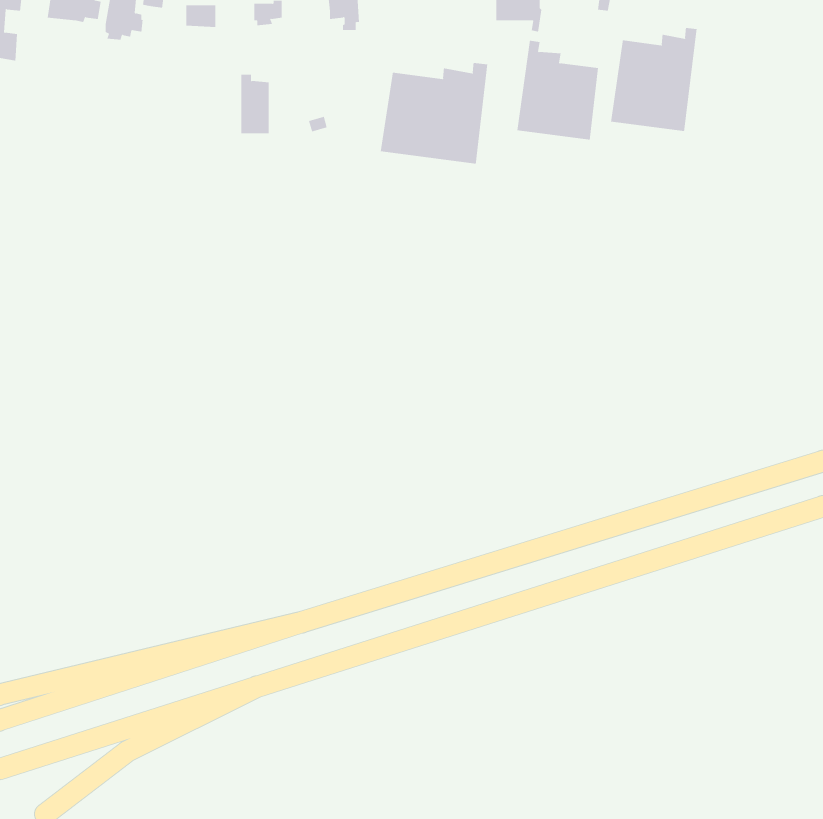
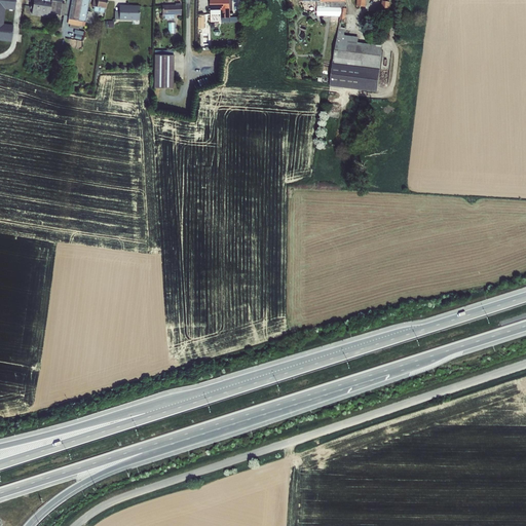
building: [610,27,697,132] -> none
building: [380,62,488,165] -> none

